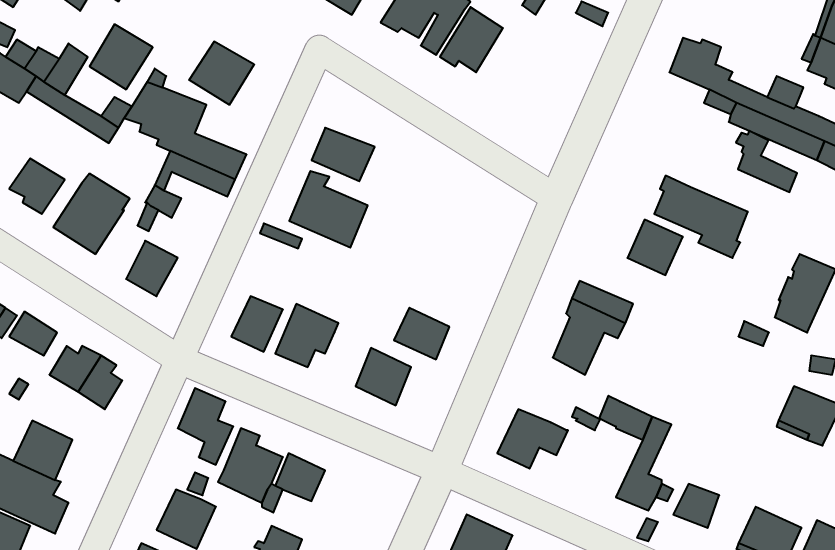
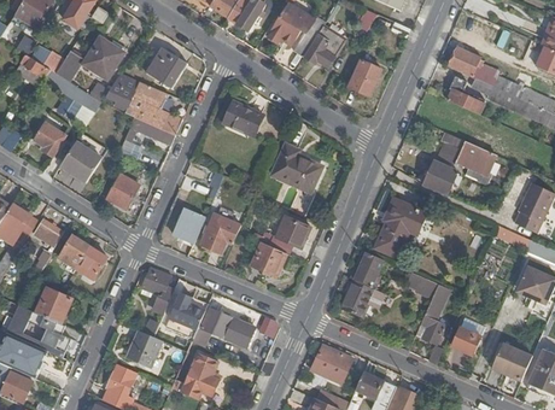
building: none -> [347,59,381,96]
building: [736,131,797,192] -> [445,76,484,115]
building: [289,171,368,248] -> [271,144,321,192]
building: none -> [354,251,381,288]
building: none -> [223,318,255,347]

